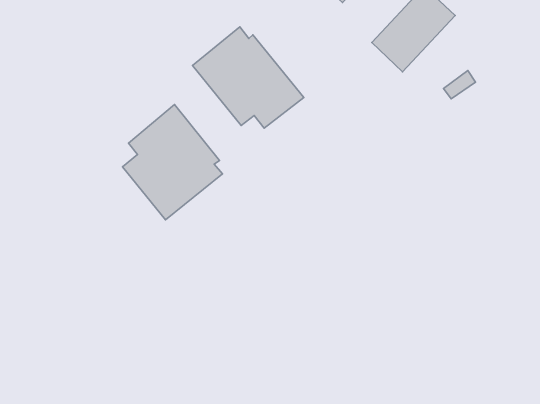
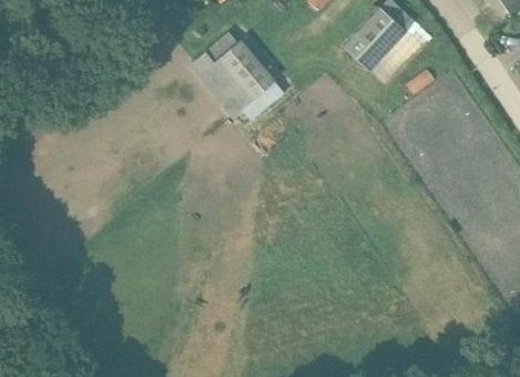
building: [122,105,222,220] -> none

